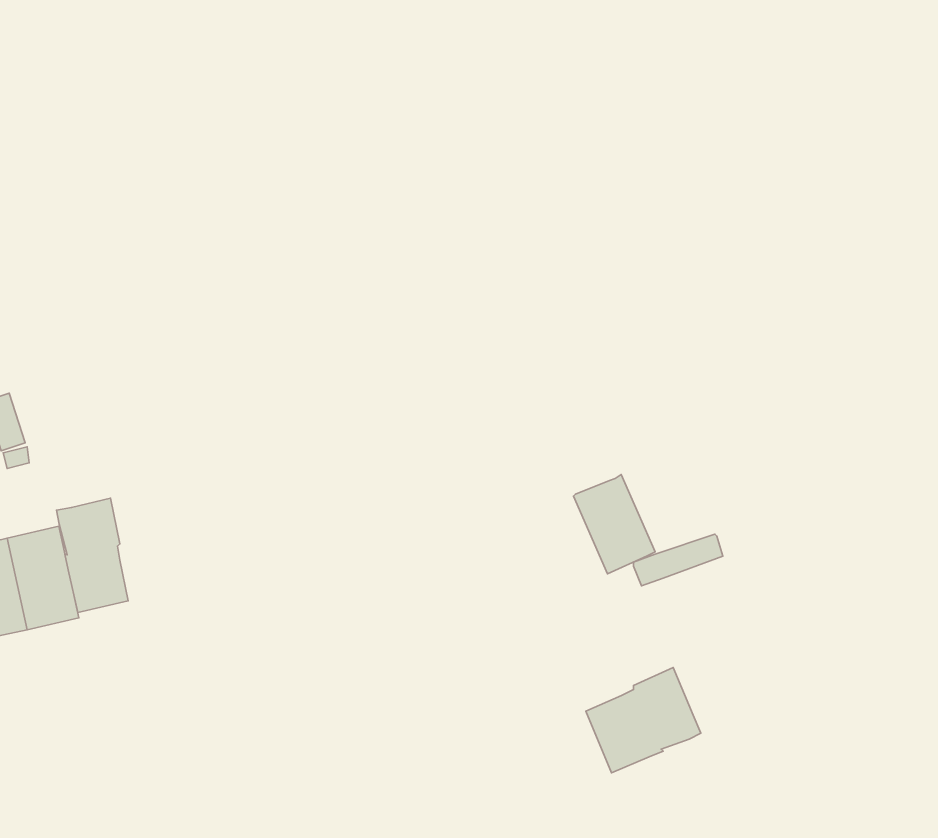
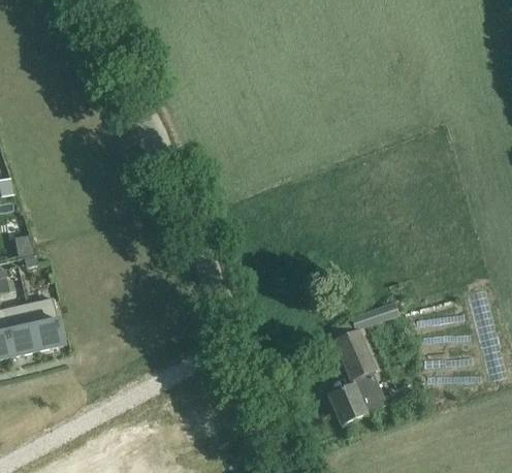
building: [574,474,655,574] -> [333,328,376,380]
building: [57,498,128,612] -> none

